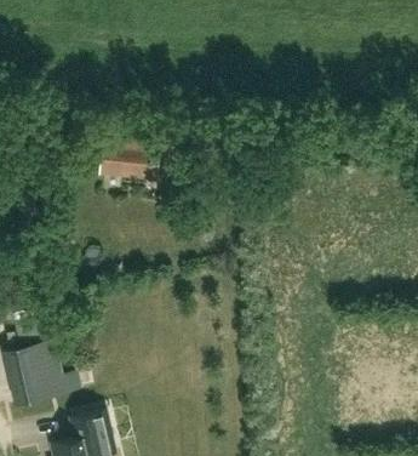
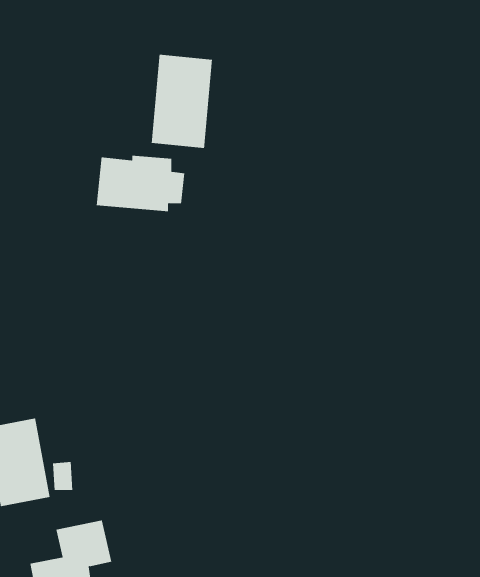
building: none -> [151,54,212,149]

